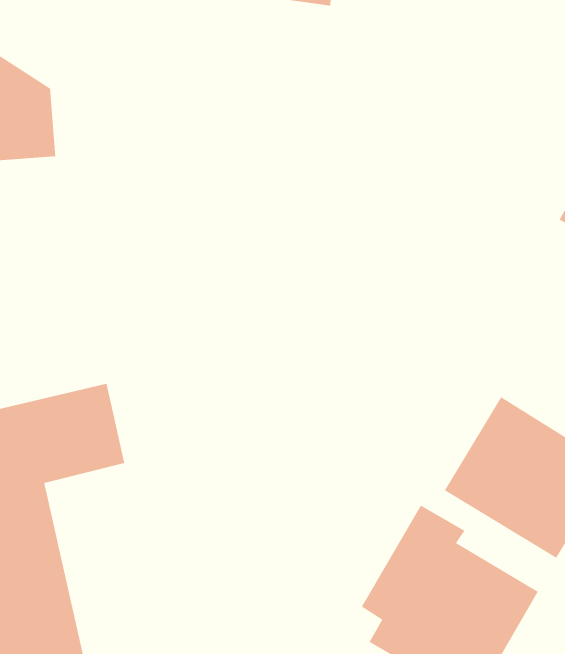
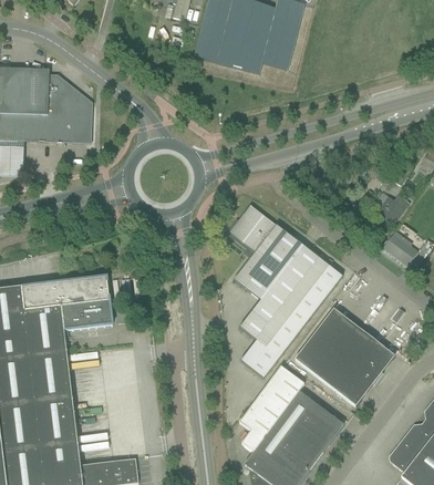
building: none -> [228,204,342,378]

